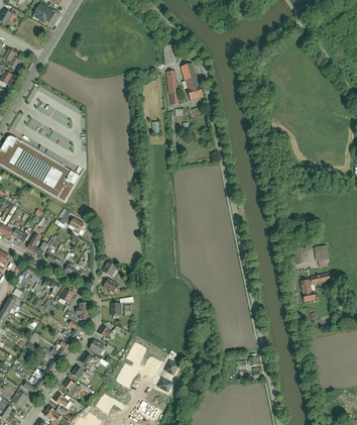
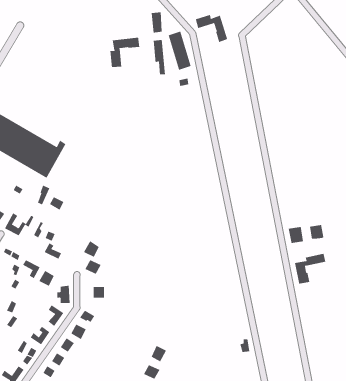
building: none -> [195,14,228,43]
building: none -> [110,37,140,68]

